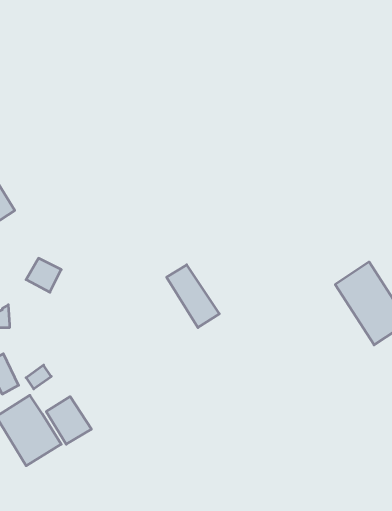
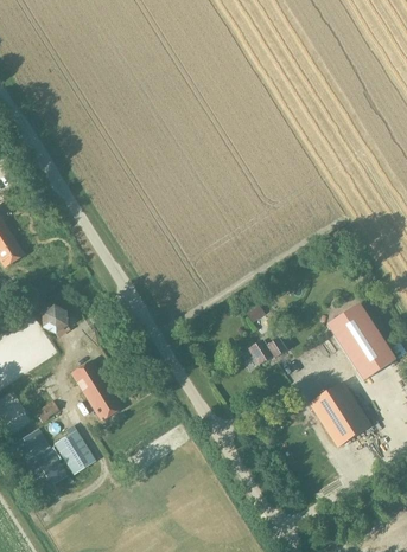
building: [167,265,219,328] -> [71,360,121,419]
building: none -> [248,339,286,365]
building: none -> [309,381,370,447]

